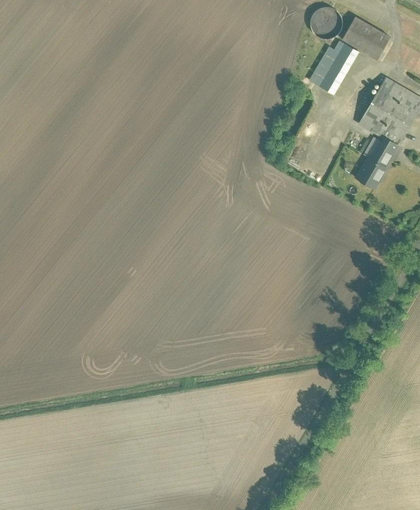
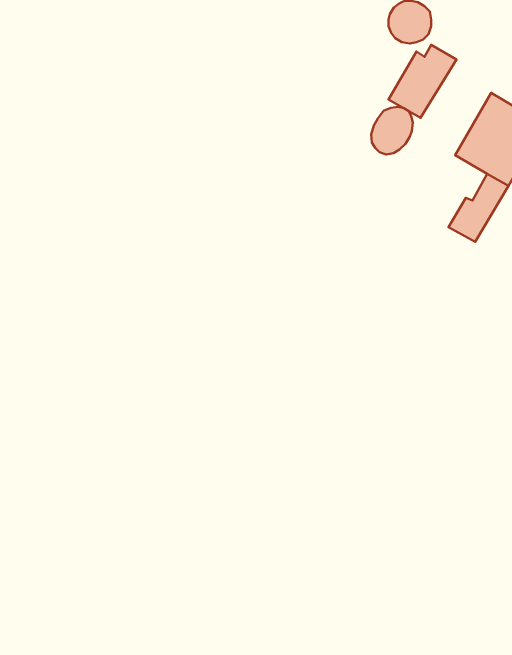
building: [340,15,389,60] -> none
building: none -> [371,107,413,154]

